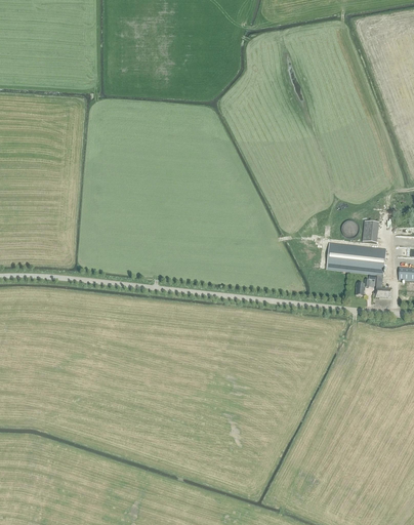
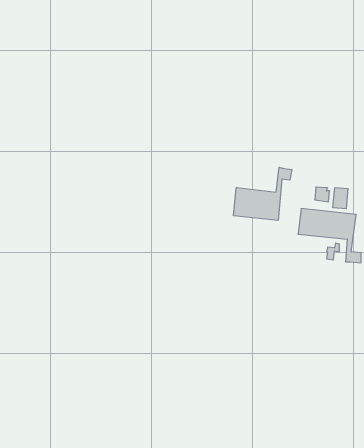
building: none -> [234,167,292,220]

